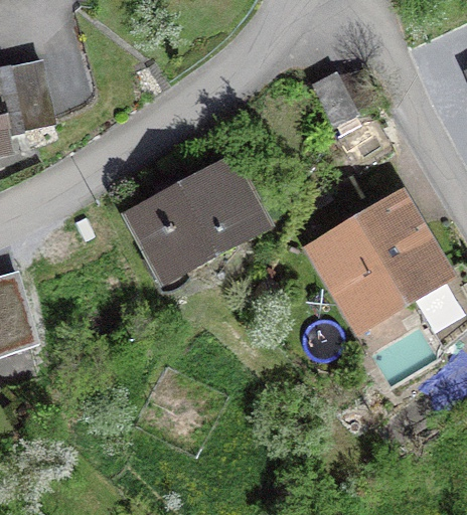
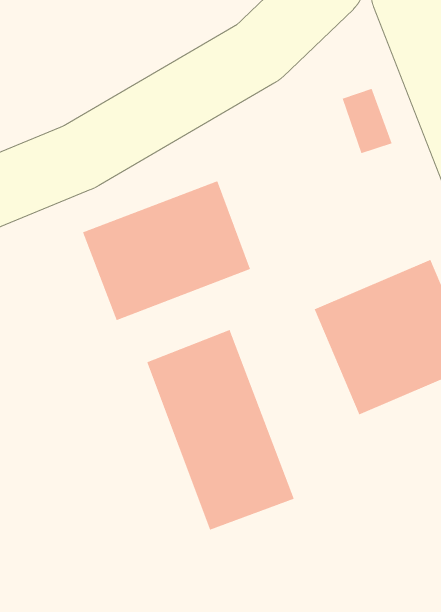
building: none -> [146,329,294,531]

